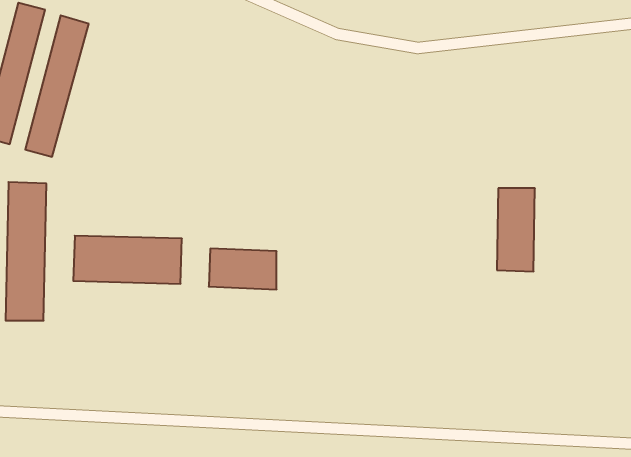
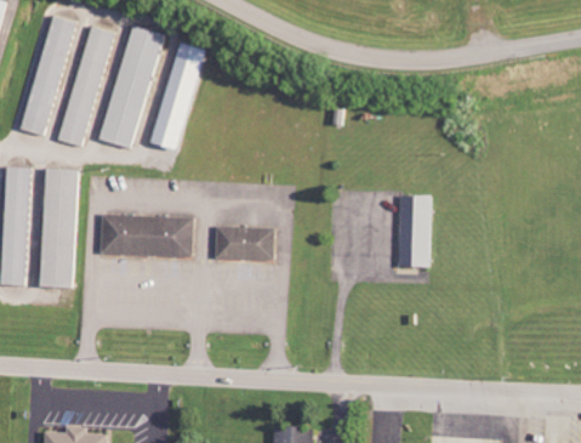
building: none -> [99,25,161,149]
building: none -> [152,42,201,149]
building: [497,188,535,271] -> [392,195,425,267]

